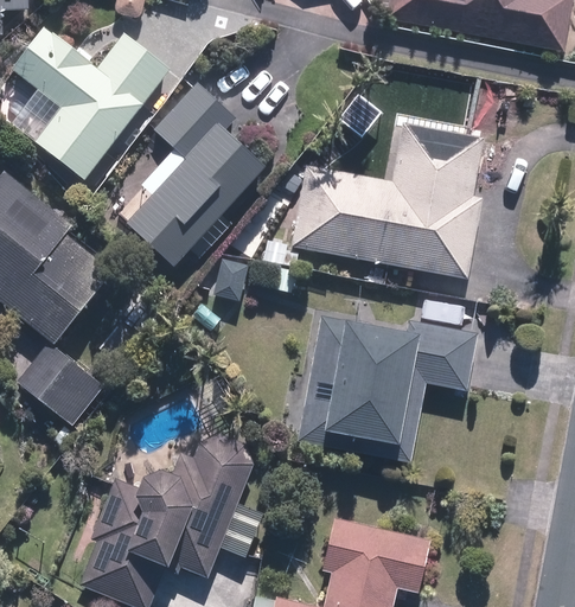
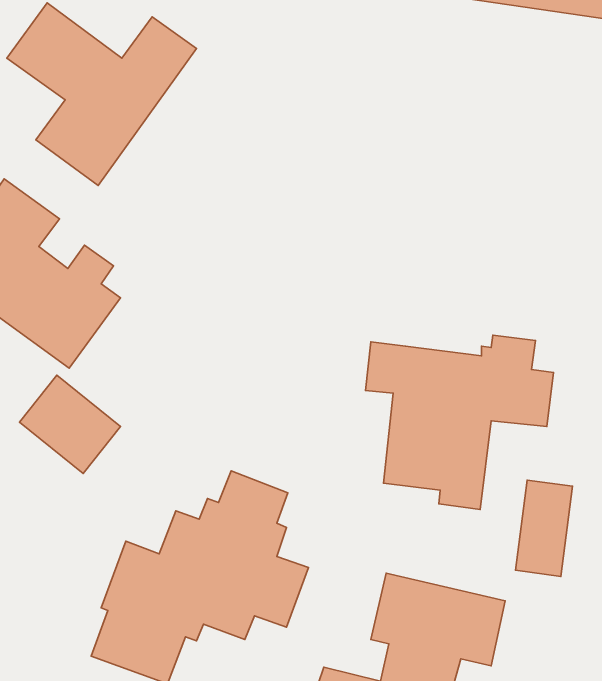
building: [124,82,268,269] -> none
building: [288,123,483,280] -> none
building: none -> [515,480,572,576]

